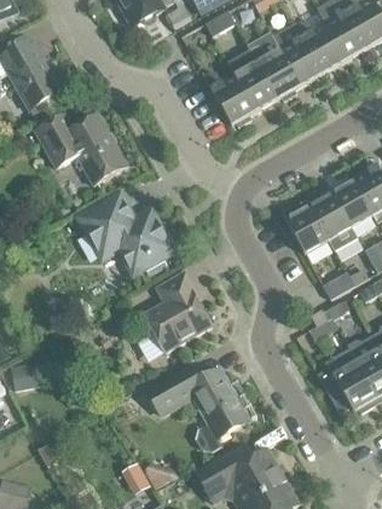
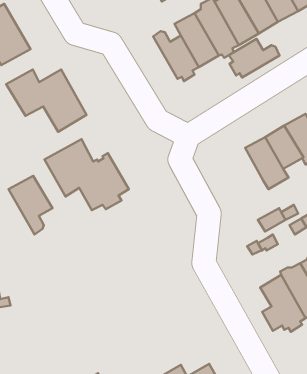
building: none -> [229,39,280,77]
building: [284,198,329,253] -> none
building: none -> [9,176,52,235]
building: [144,270,212,351] -> none
building: [146,366,250,450] -> none

